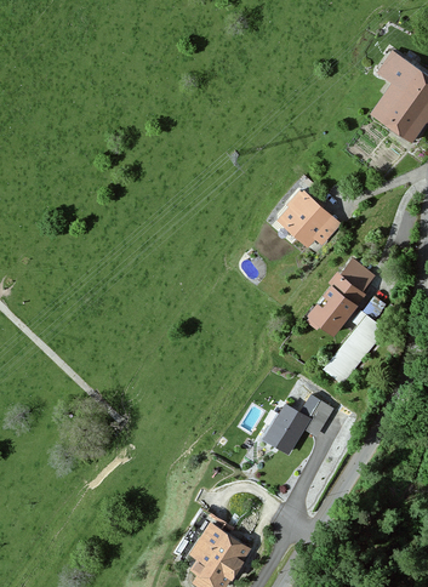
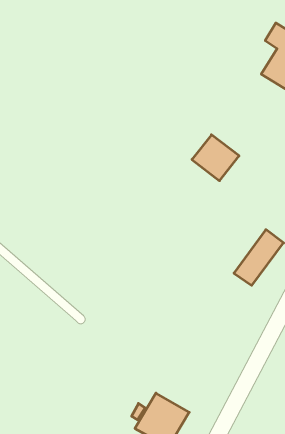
building: [304,258,376,336] -> none
building: [266,397,337,452] -> none

